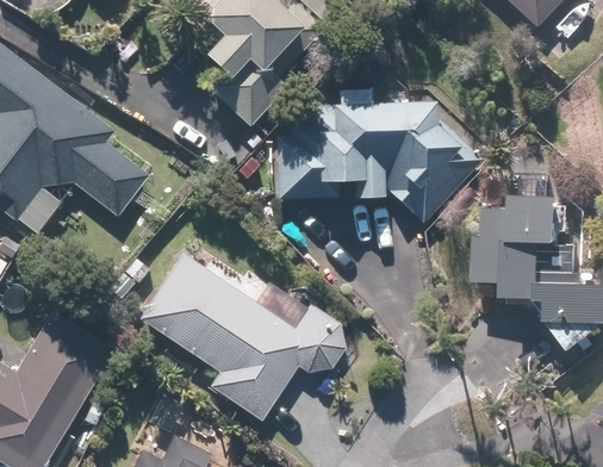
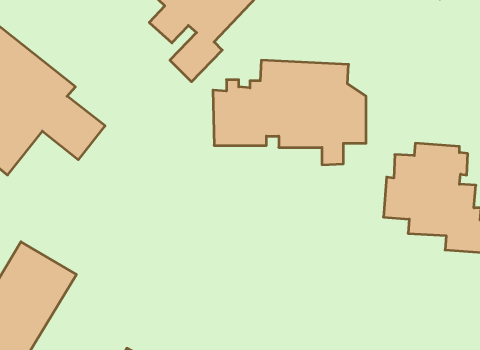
building: [138,253,344,419] -> none

